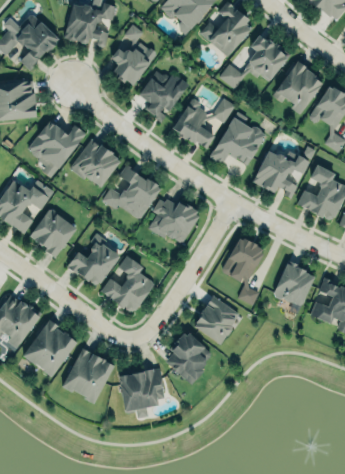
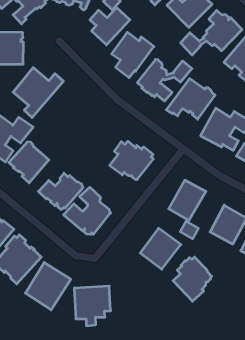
building: [70,138,121,189] -> none
building: [102,172,160,220] -> none
building: [166,331,211,383] -> [173,257,212,301]

